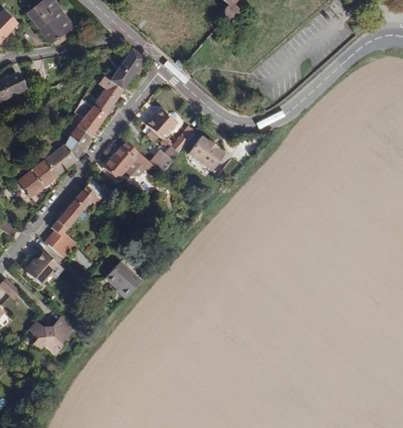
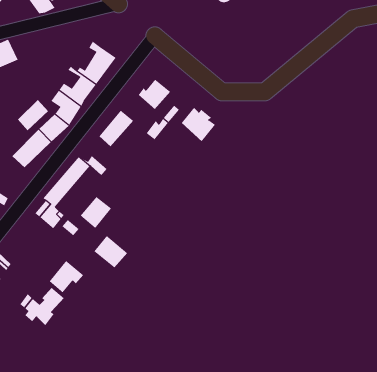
building: [110,41,148,85] -> none
building: none -> [17,99,49,131]
building: none -> [80,196,112,229]
building: [25,254,60,287] -> [49,260,84,293]

